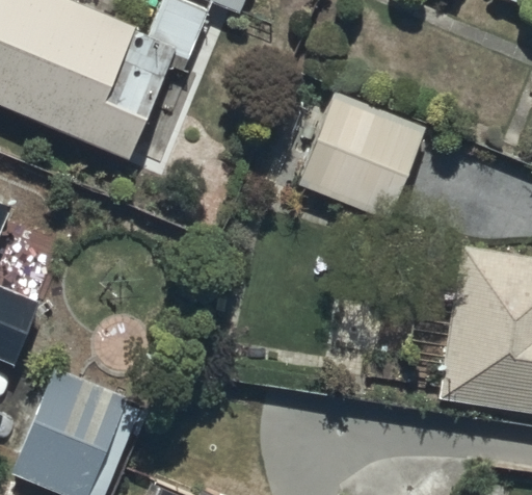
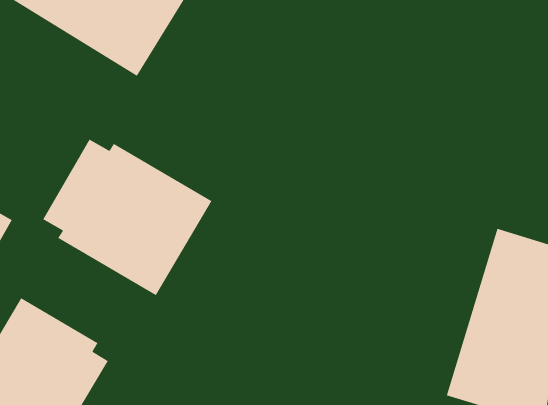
building: [298,93,426,220] -> none
building: none -> [42,139,212,296]

